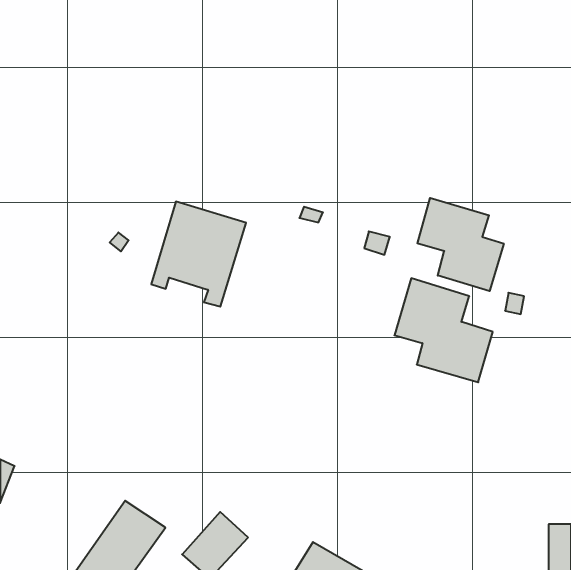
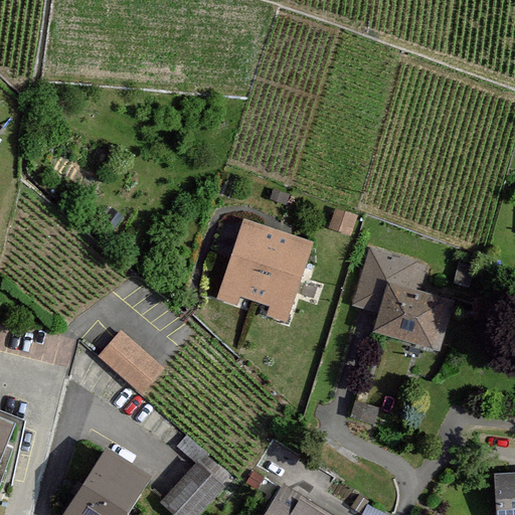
building: [417,198,504,291] -> none
building: [151,202,246,307] -> [219,221,305,316]
building: none -> [103,336,157,389]

